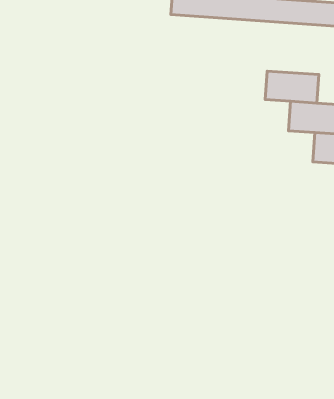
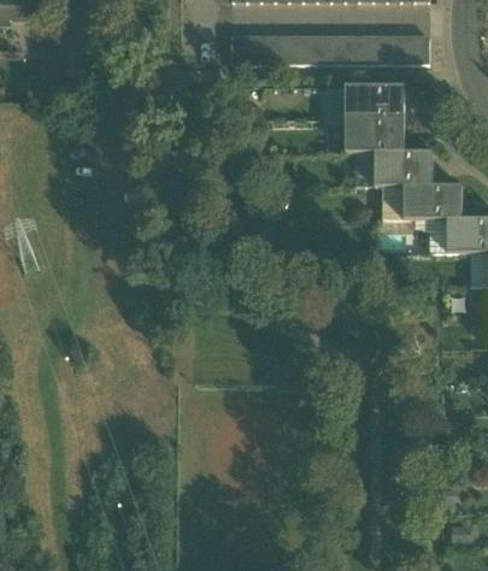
building: none -> [345,87,404,119]

